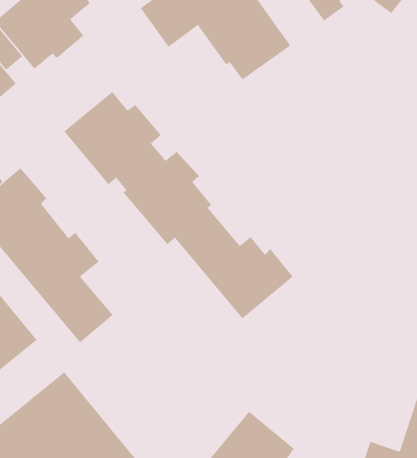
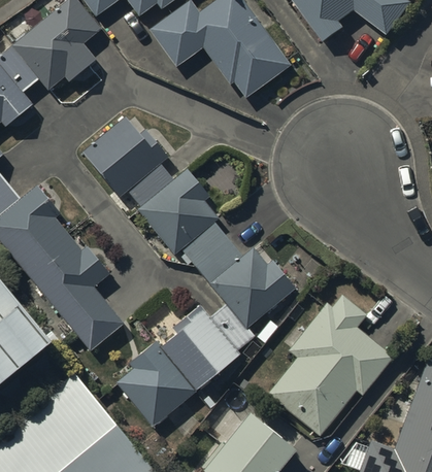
building: none -> [265,296,393,438]
building: none -> [117,303,253,426]

